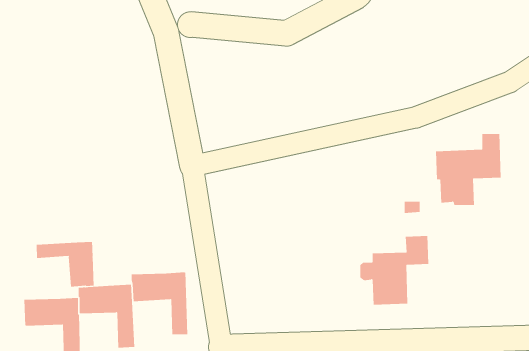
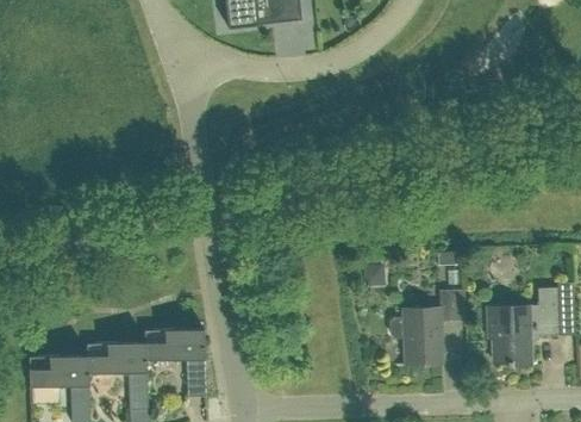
building: [435,134,501,205] -> [488,287,560,365]
building: [36,241,94,287] -> none

